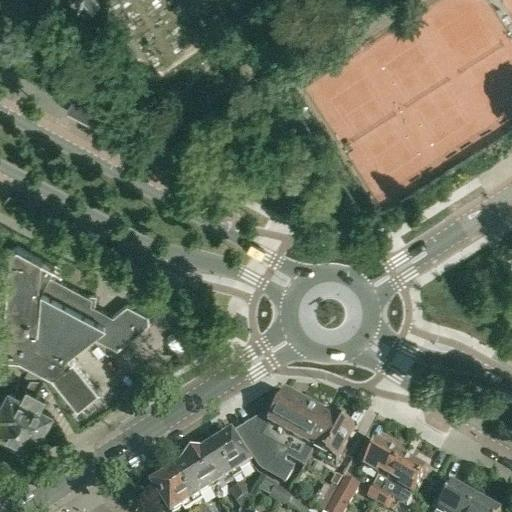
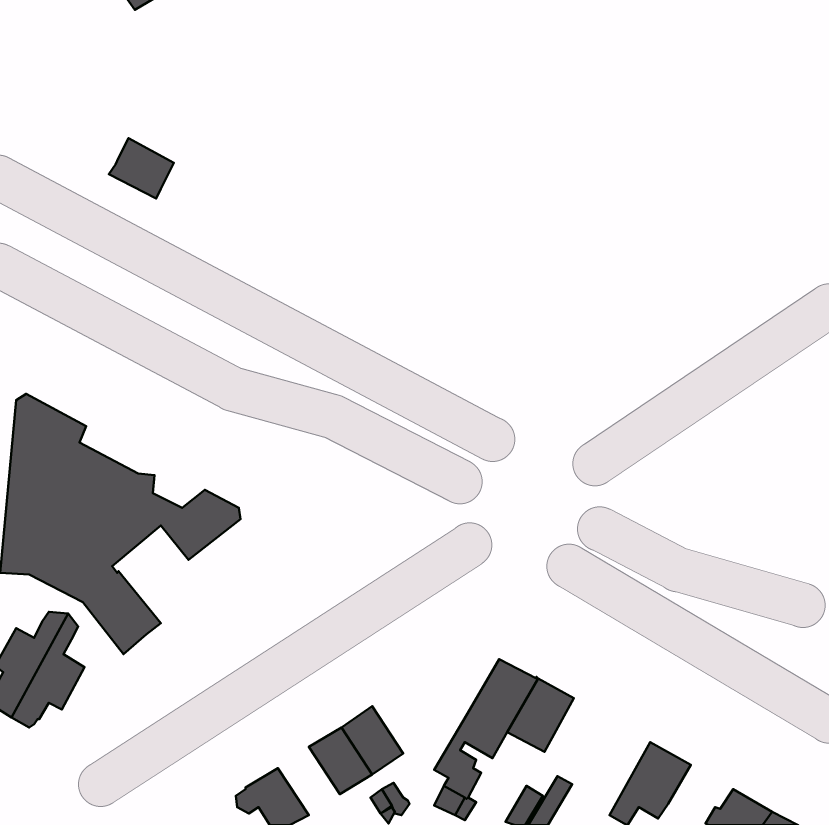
building: [236,391,307,473] -> none
building: [362,442,400,501] -> none
building: [171,459,209,501] -> none

